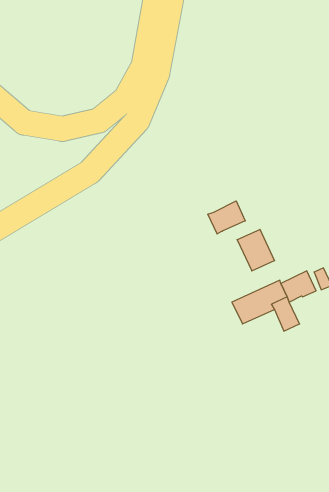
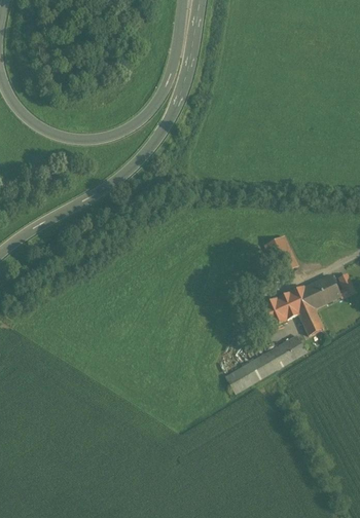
building: [208,201,245,234] -> none
building: none -> [226,334,308,392]

